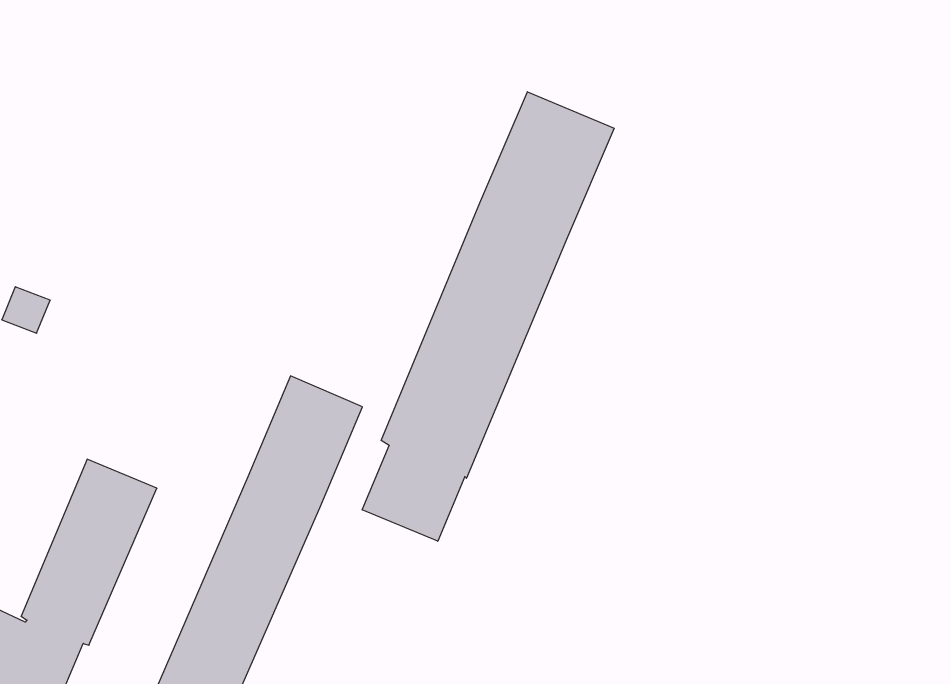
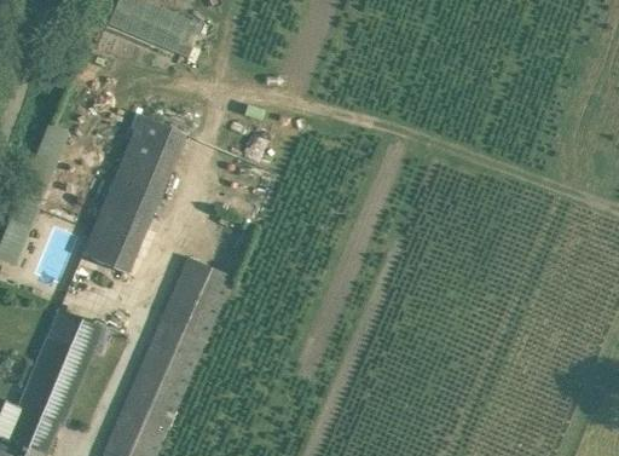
building: [362,92,614,541] -> none
building: none -> [82,115,186,275]

